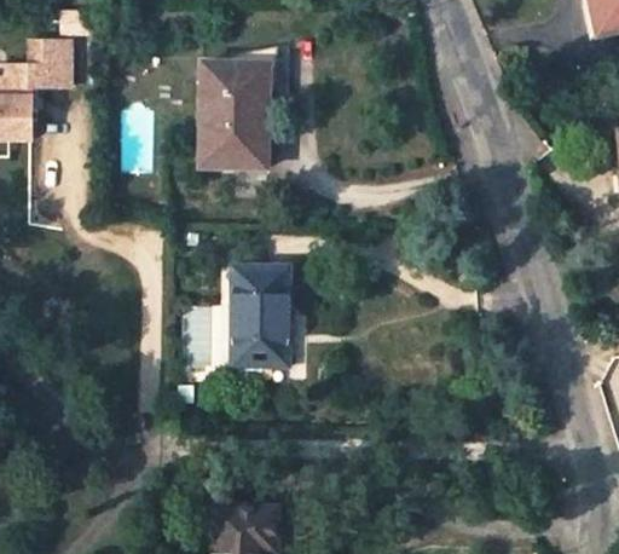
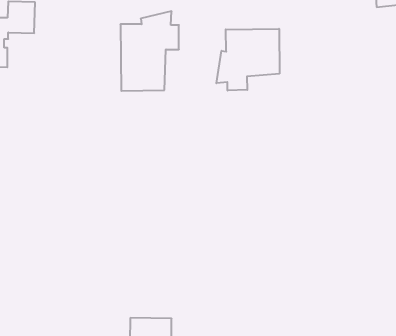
building: none -> [216,29,279,91]
building: [233,271,288,367] -> none

